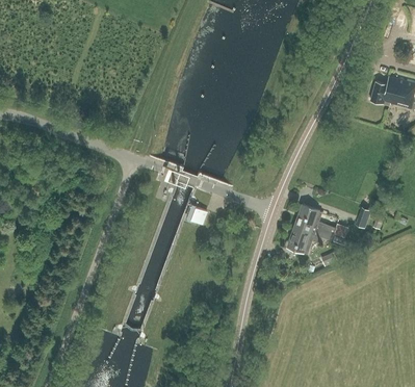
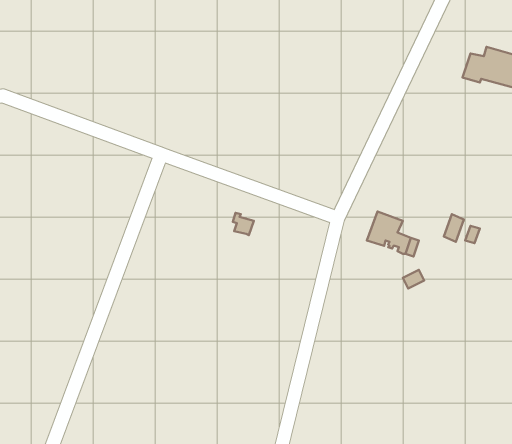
building: [288,227,320,253] -> none

